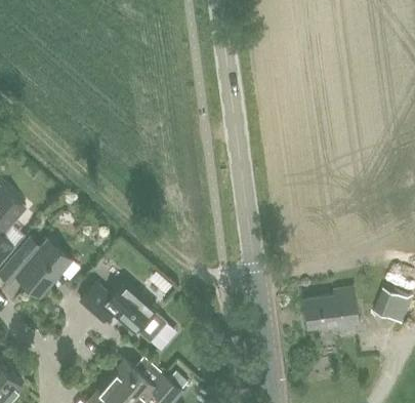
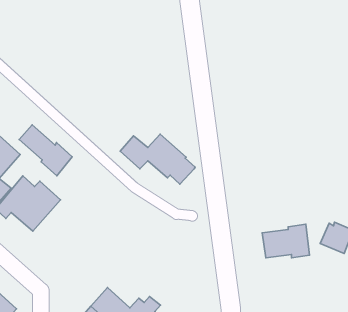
building: none -> [19,125,72,176]
building: [80,283,166,340] -> [120,134,195,184]

